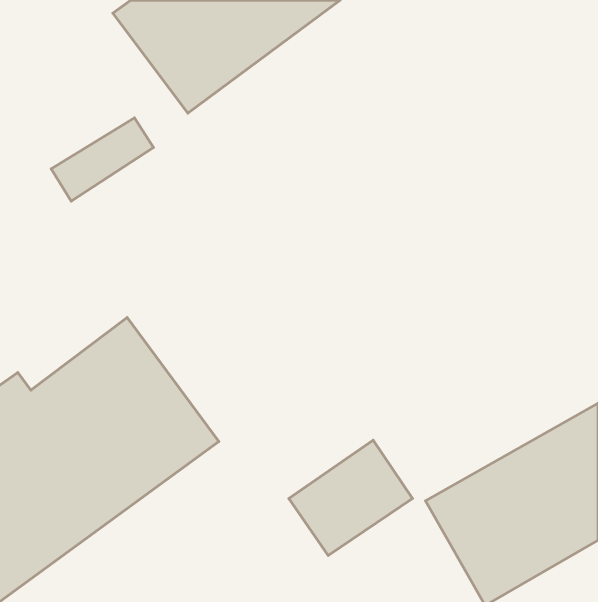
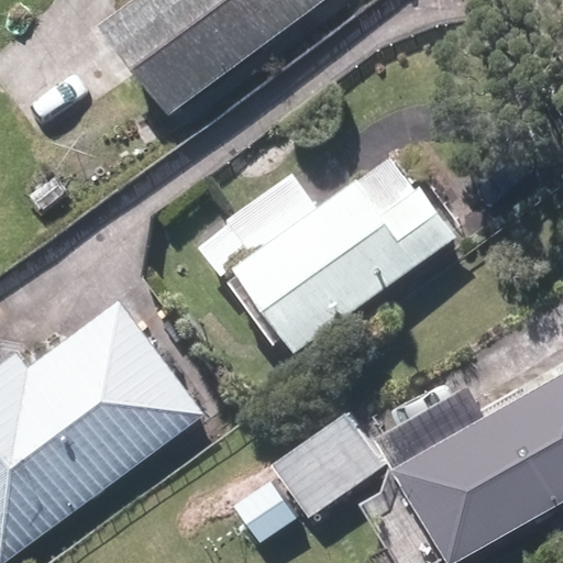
building: none -> [234,176,455,351]

